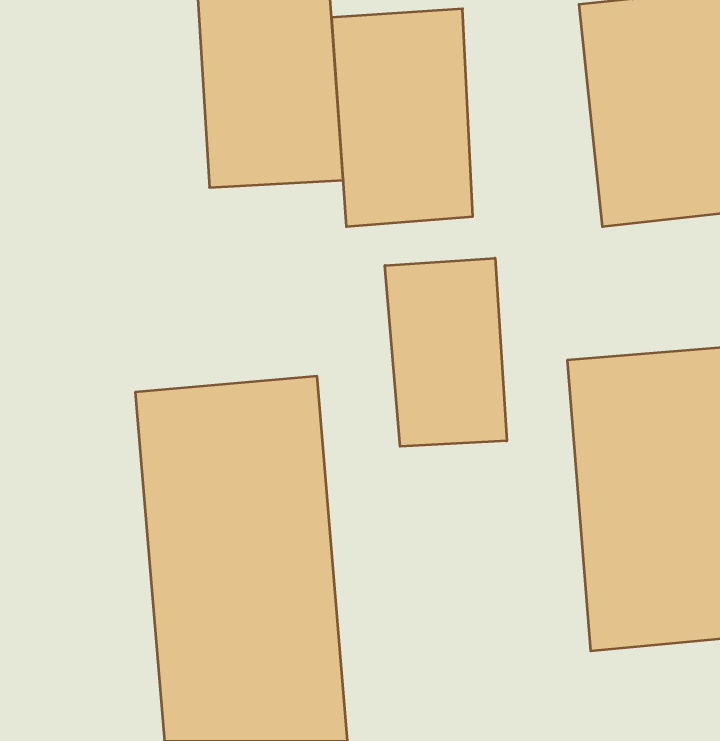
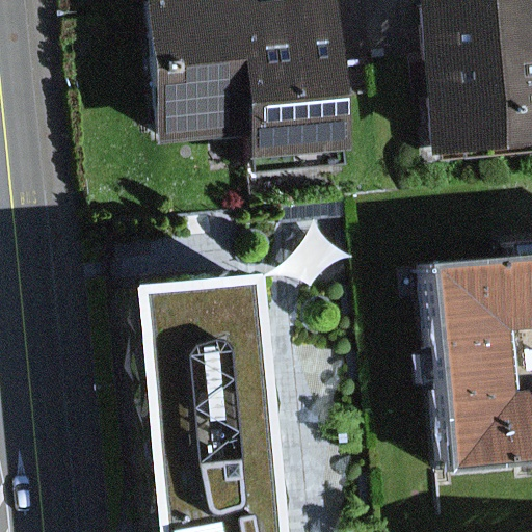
building: [385,258,507,446] -> none

